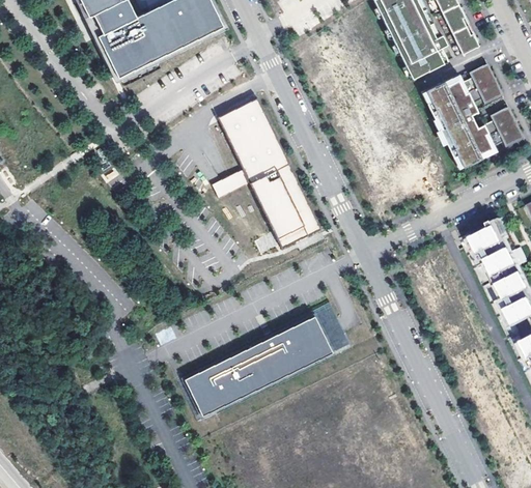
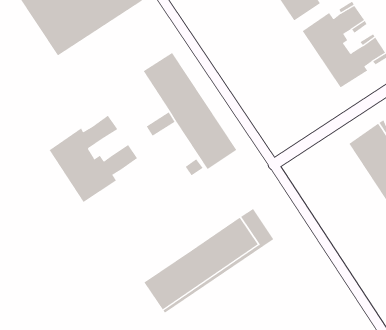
building: none -> [49,115,138,203]

